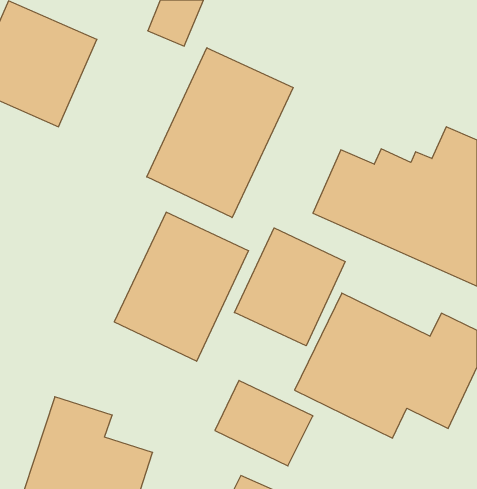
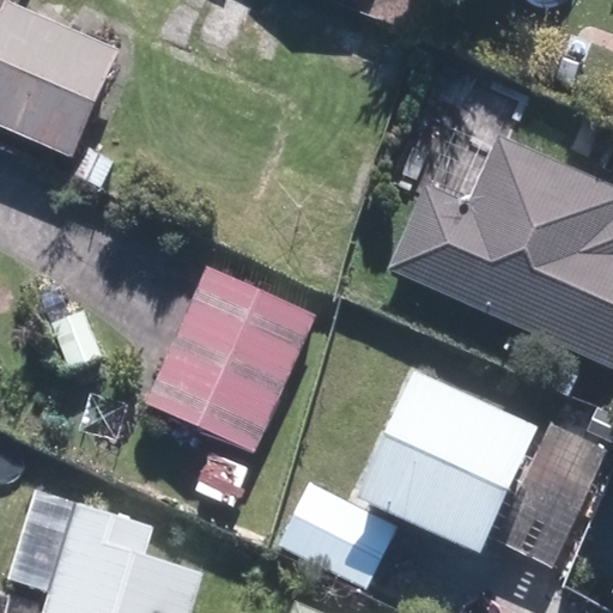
building: [147,48,293,218] -> none
building: [234,228,345,346] -> none

